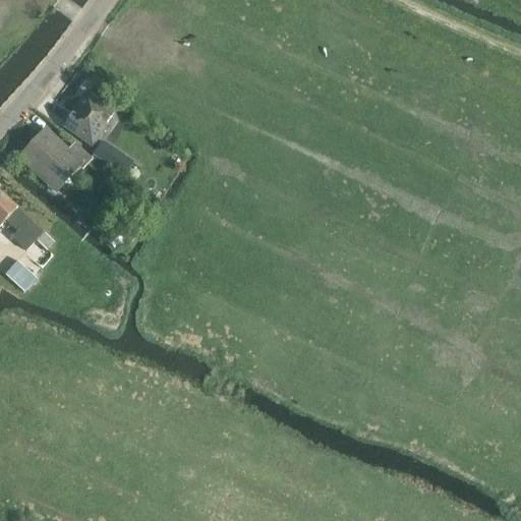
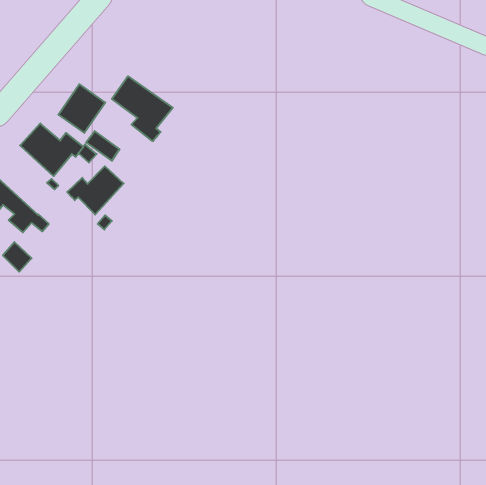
building: none -> [112,76,173,141]
building: none -> [67,166,124,215]

